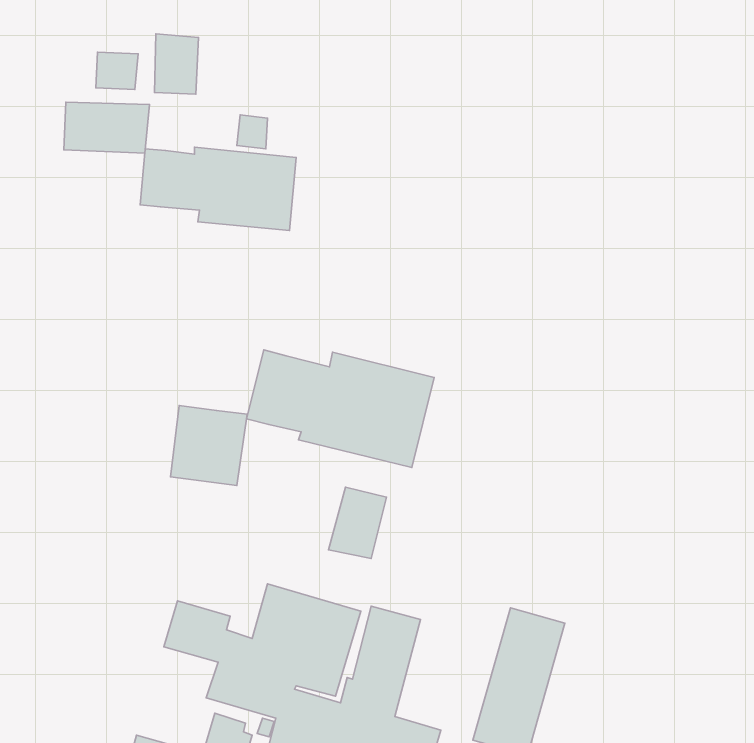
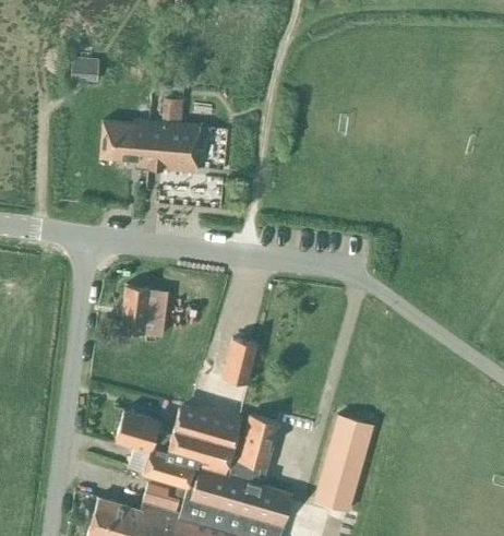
building: [155,34,198,94] -> none
building: [64,102,149,153] -> none
building: [246,350,434,467] -> none

